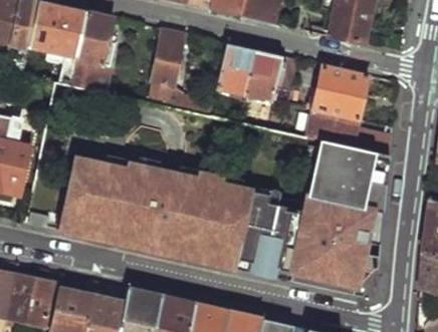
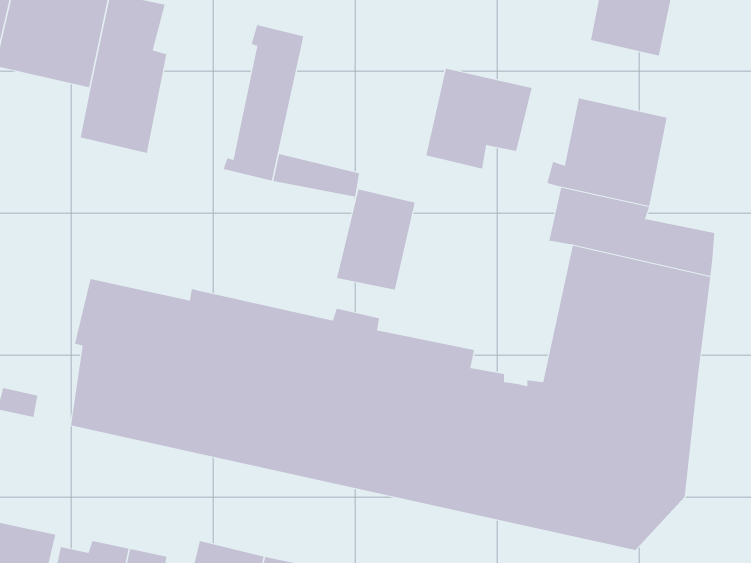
building: [214,43,254,94] -> [336,189,415,290]

